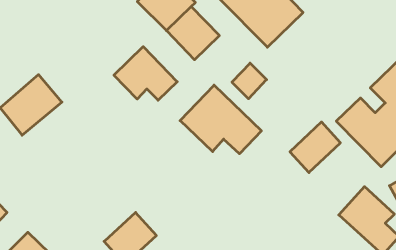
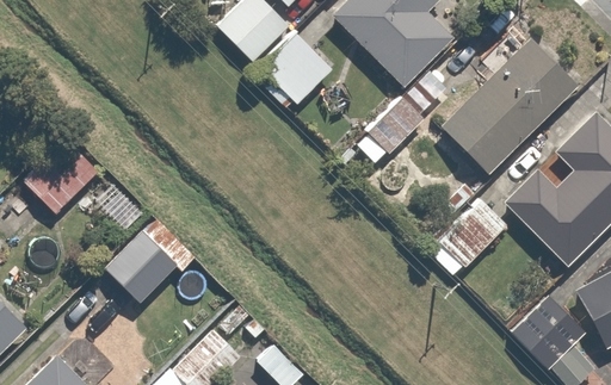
building: none -> [436,33,584,180]
building: [114,47,177,100] -> none
building: [180,85,261,154] -> none
building: none -> [101,215,190,302]

